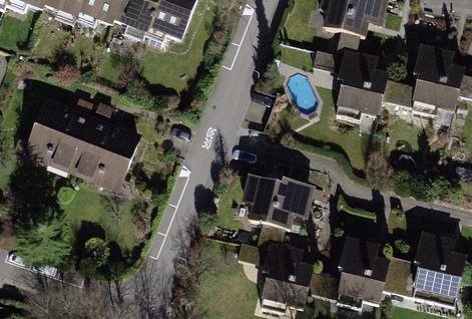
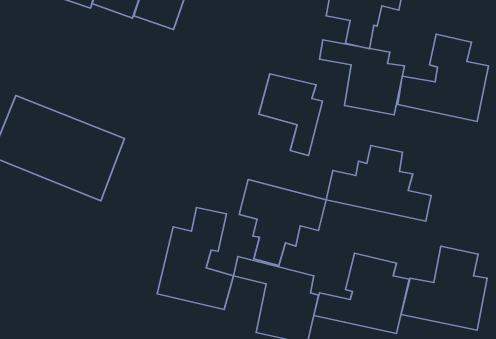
building: none -> [259,74,323,155]
building: none -> [326,146,431,221]
building: none -> [157,208,233,309]

